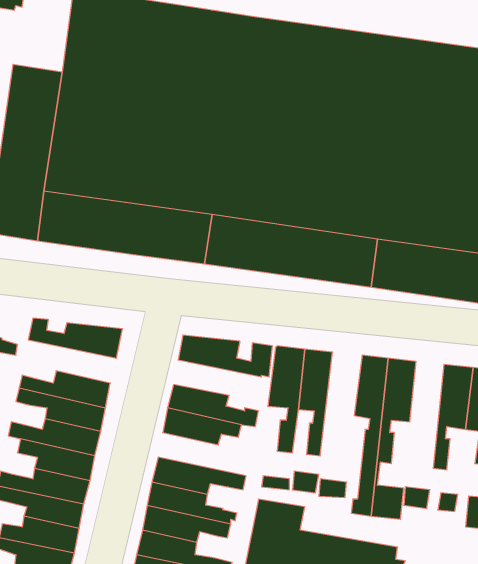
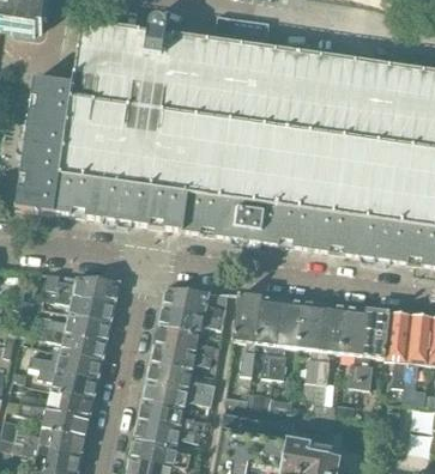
building: none -> [44,288,115,322]
building: none -> [273,298,306,379]
building: none -> [159,304,228,332]
building: none -> [343,305,369,388]
building: none -> [147,360,218,394]

